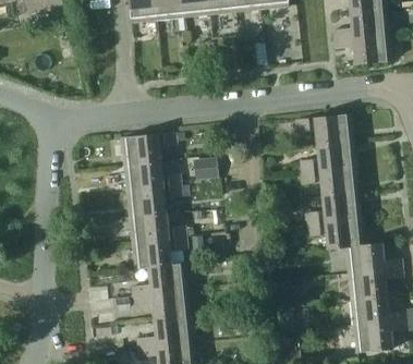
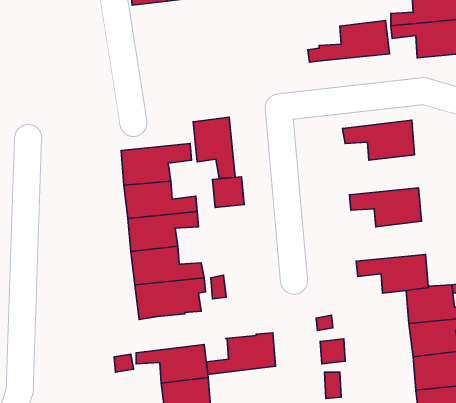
building: none -> [193,117,235,178]
building: [292,141,356,173] -> [308,21,390,62]
building: [306,193,362,225] -> none
building: [133,264,187,296] -> [206,333,276,374]

